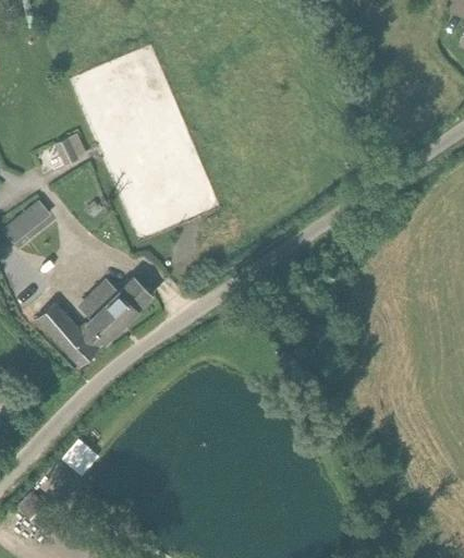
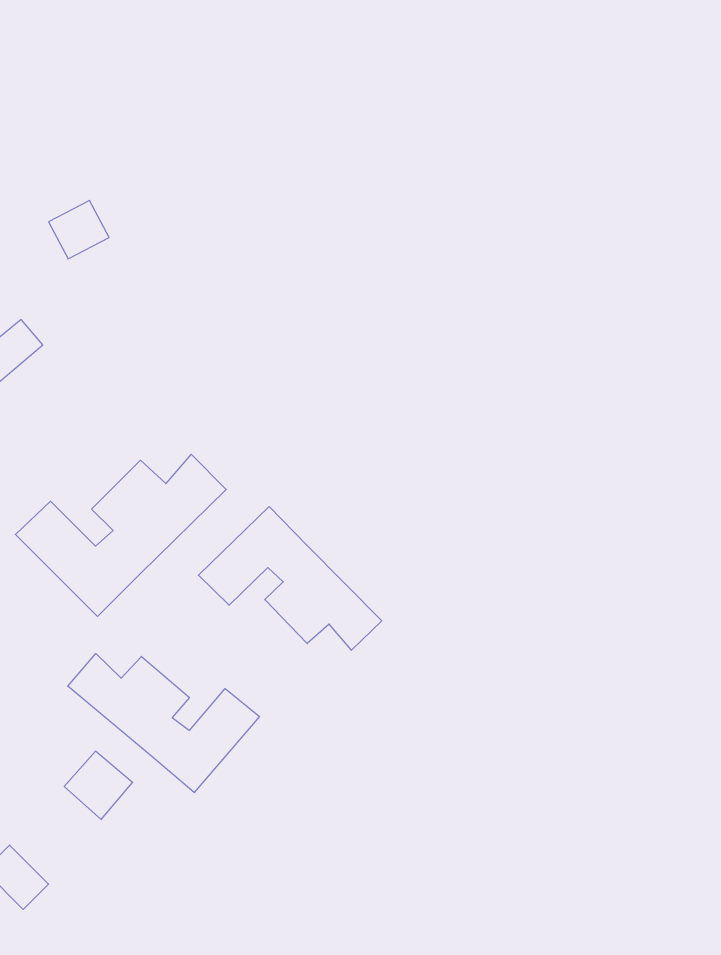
building: none -> [198,507,382,650]
building: none -> [68,654,259,793]

